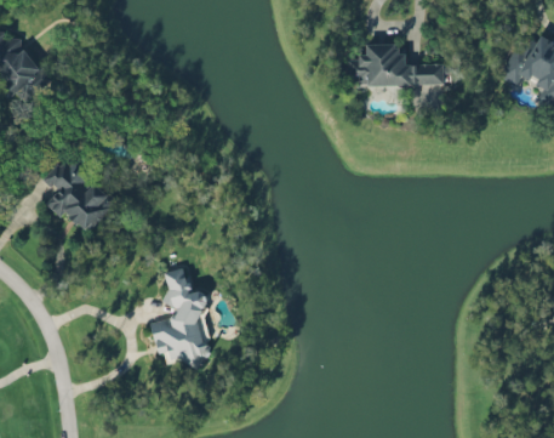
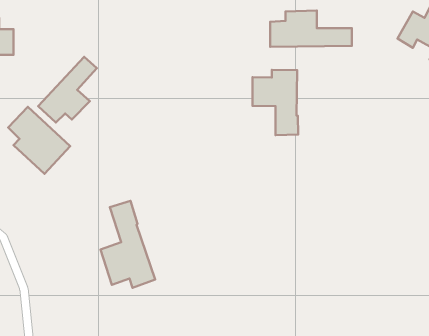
building: none -> [38,57,97,122]
building: none -> [252,70,298,135]

